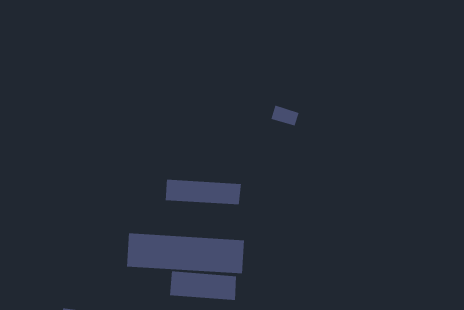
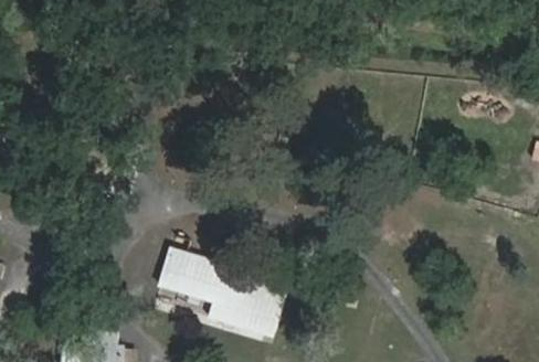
building: [165,179,241,205] -> none

